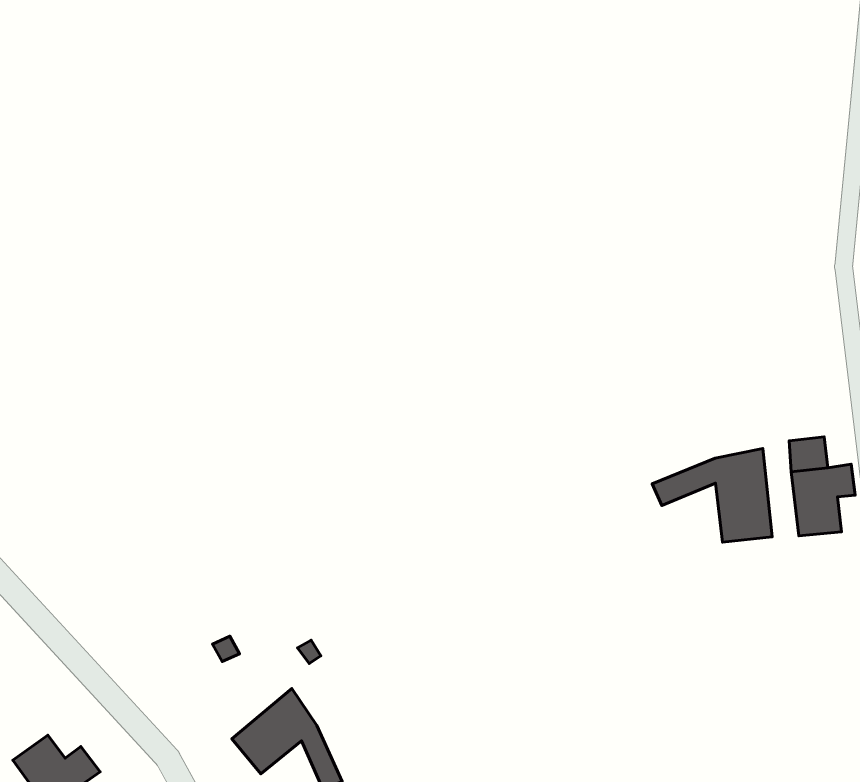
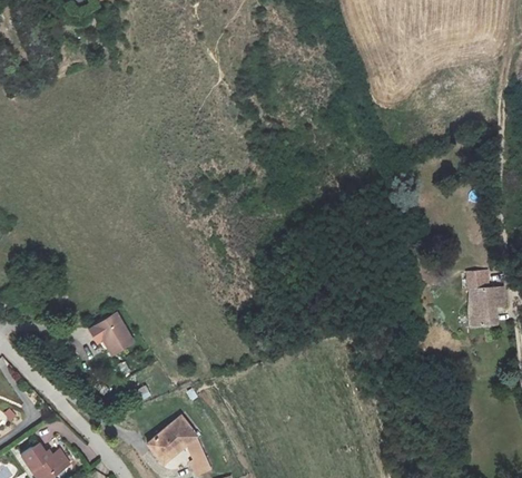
building: [652,448,772,542] -> none
building: none -> [89,313,132,354]

